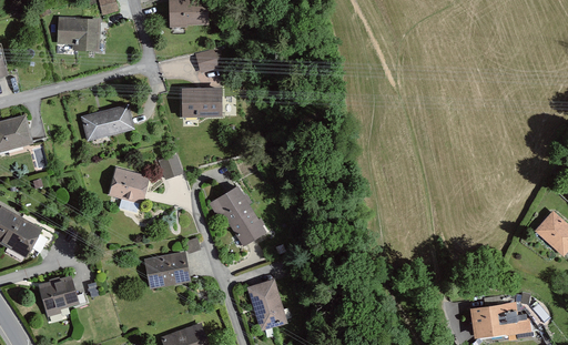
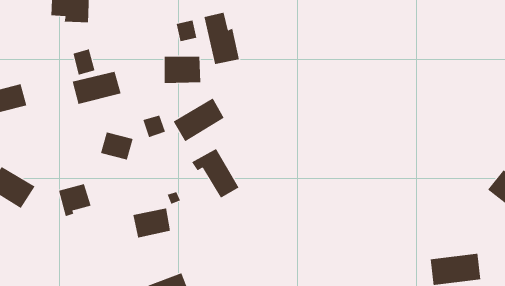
building: none -> [204,12,239,65]
building: none -> [73,48,95,76]
building: none -> [173,98,224,142]
building: [41,278,78,315] -> [58,184,91,217]
building: [248,282,284,328] -> none

